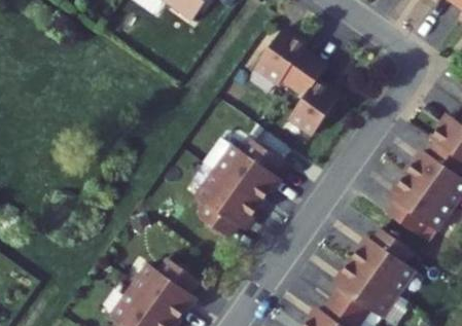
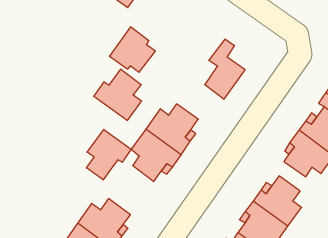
building: [257,27,316,84] -> [109,27,155,72]
building: none -> [94,69,142,121]
building: none -> [86,129,131,180]

